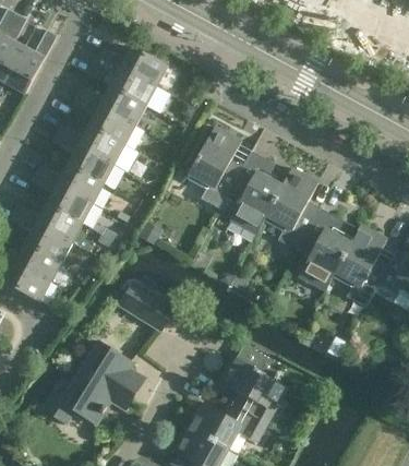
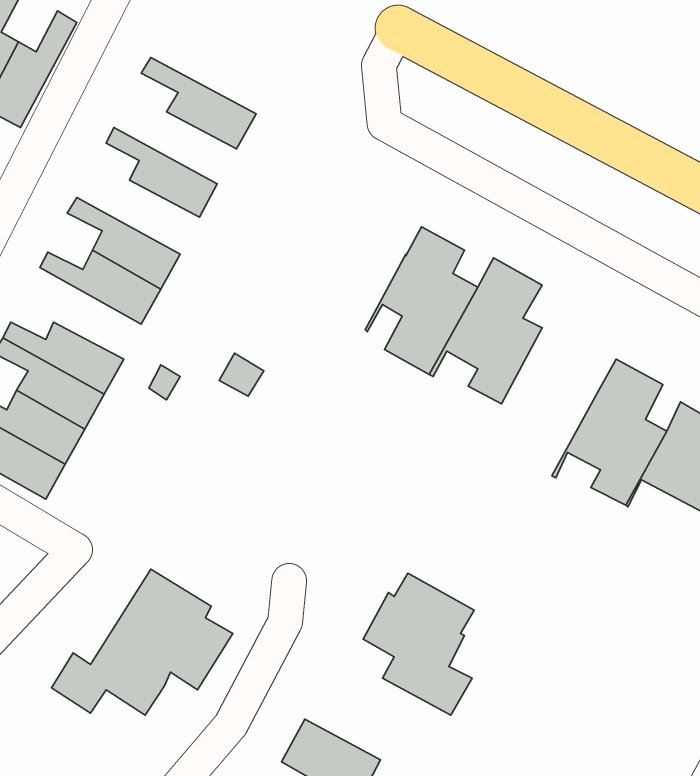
building: [99,46,169,87] -> none
building: [79,86,147,127] -> none
building: [58,124,127,166] -> none
building: [188,127,242,208] -> none
building: [32,174,94,225] -> none
building: [296,207,350,290] -> none
building: [120,283,175,331] -> none
building: [185,402,267,450] -> none

